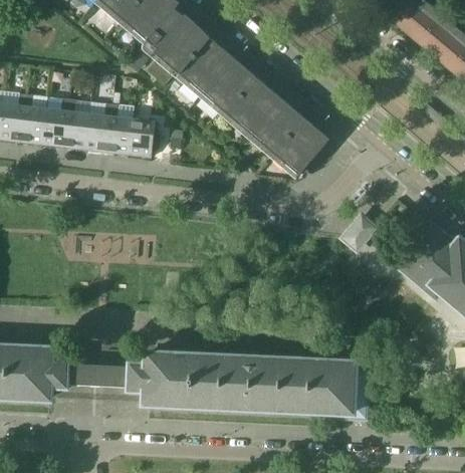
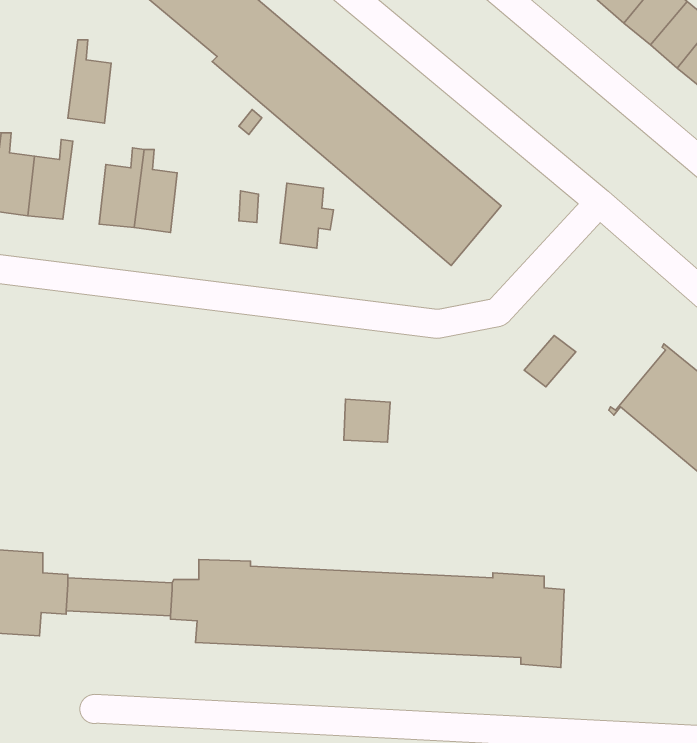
building: [63,99,89,150] -> [68,40,111,123]
building: [129,119,161,158] -> [280,183,333,248]
building: none -> [344,399,390,442]

